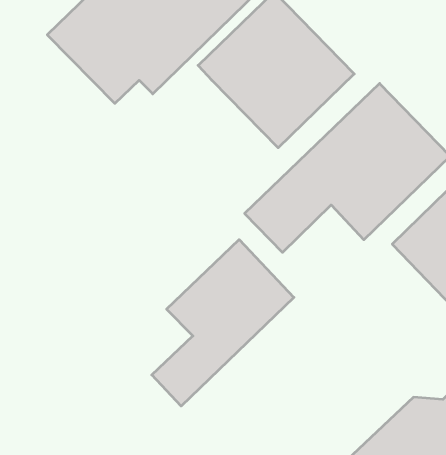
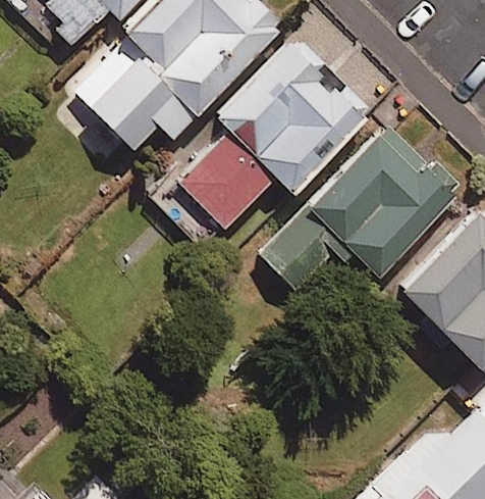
building: none -> [174,128,276,230]
building: [152,240,294,406] -> none

